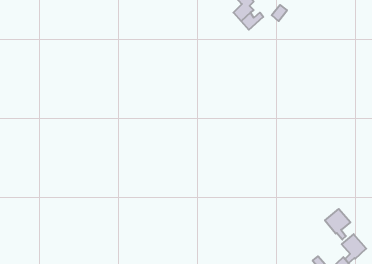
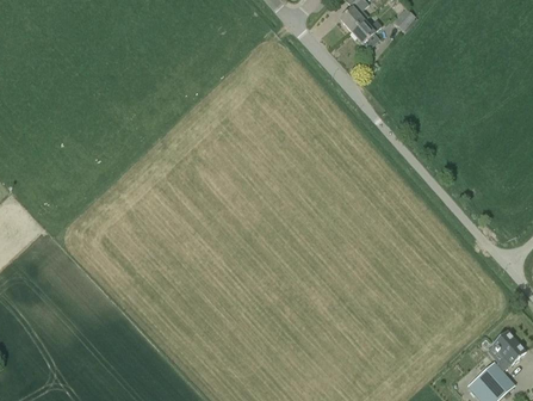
building: [325,209,350,240] -> none

